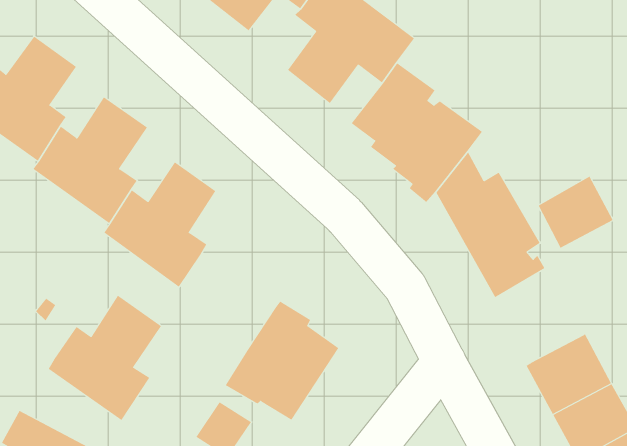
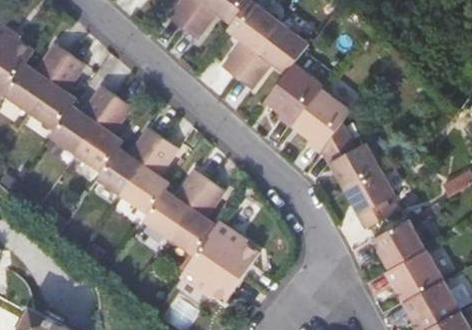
building: [538,176,614,248] -> [373,217,424,266]
building: [48,295,162,421] -> [146,172,223,257]

